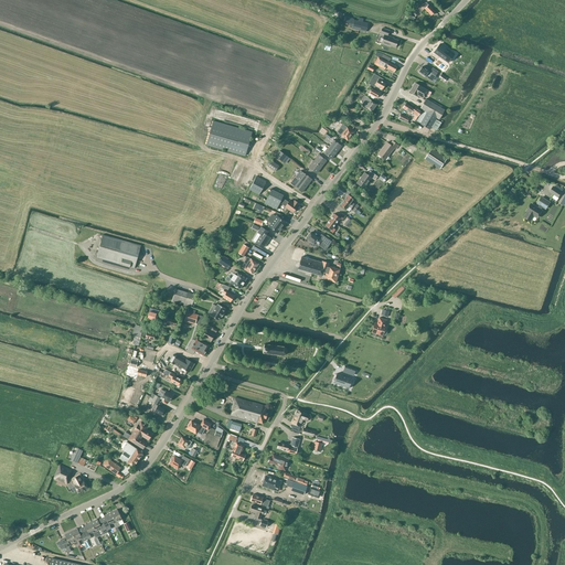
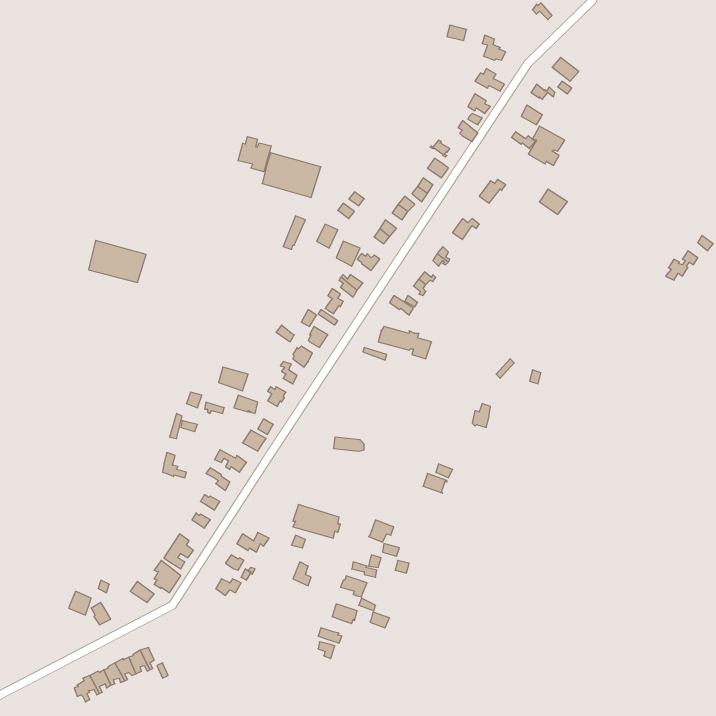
building: none -> [238,137,271,172]
building: [96,235,141,268] -> [89,240,146,282]

